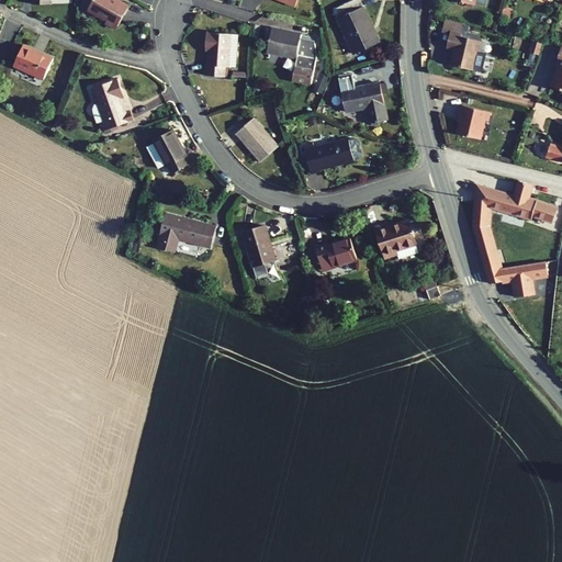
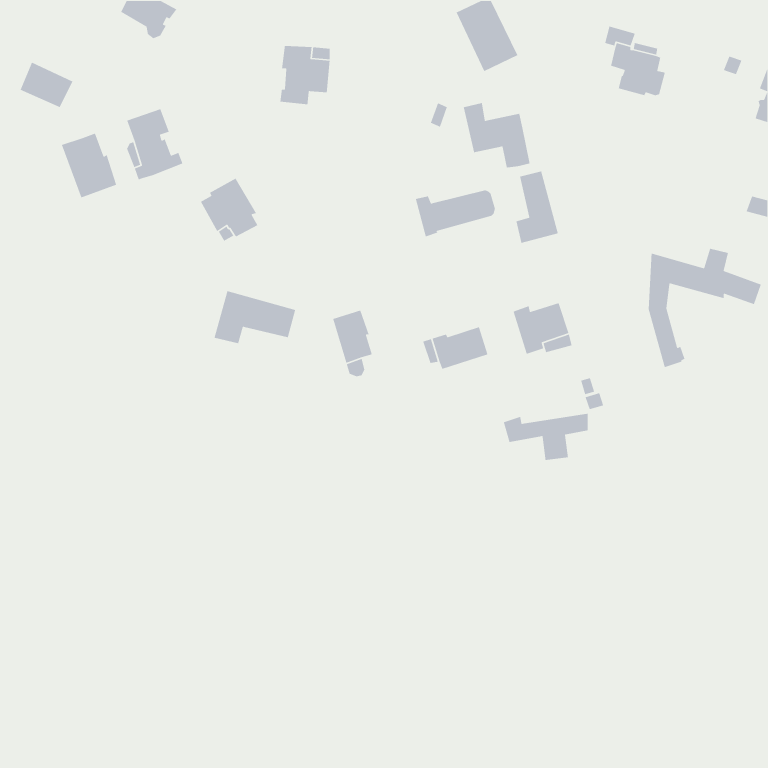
building: [267,29,317,83] -> none
building: none -> [61,132,117,198]
building: [456,103,488,137] -> none
building: [236,119,279,161] -> none
building: none -> [515,171,559,244]
building: [485,262,548,297] -> [503,413,588,461]

